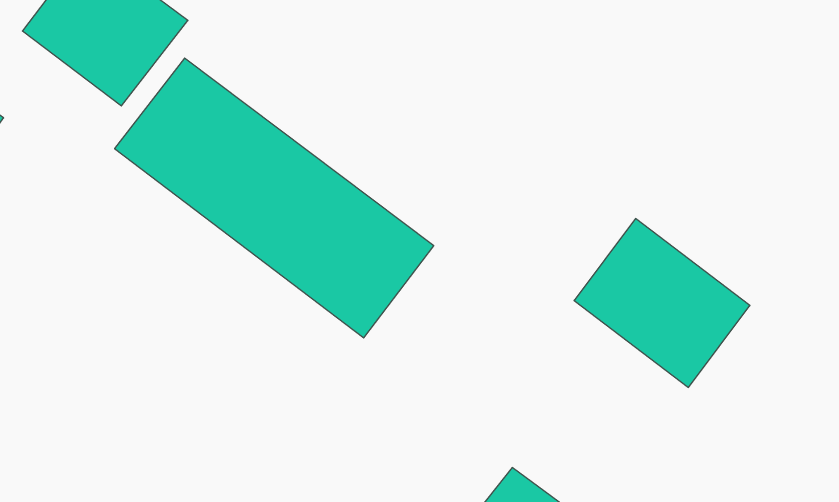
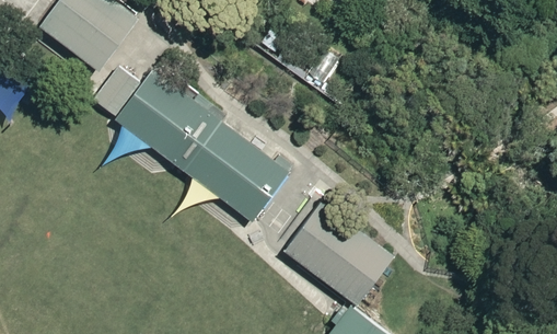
building: [574,219,750,387] -> [281,197,394,306]

